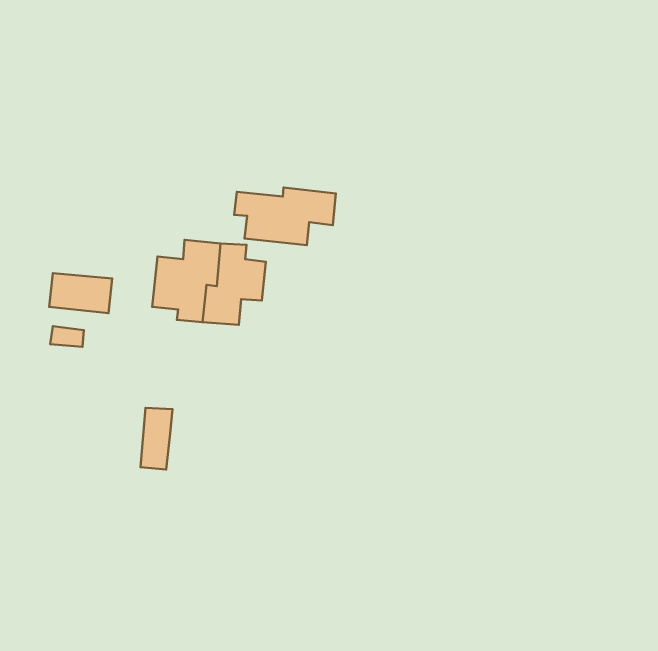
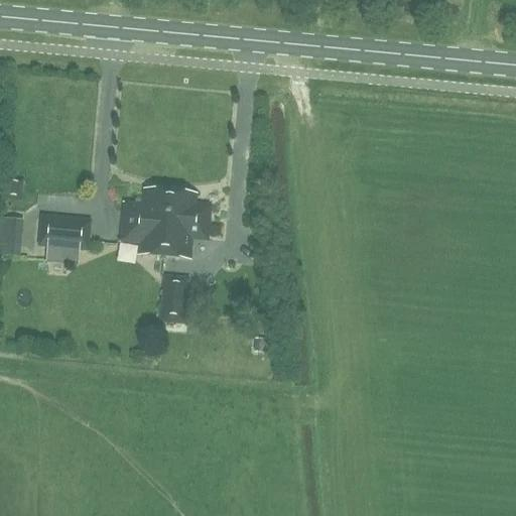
building: [234,187,336,245] -> none
building: [140,408,173,470] -> [160,270,185,318]

